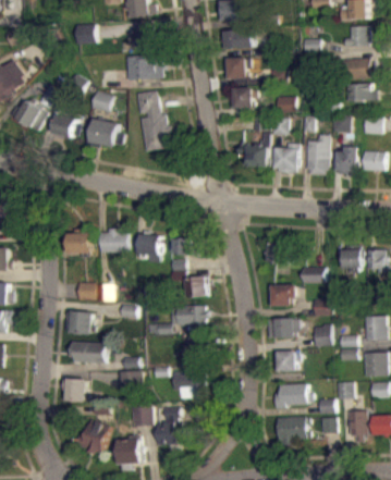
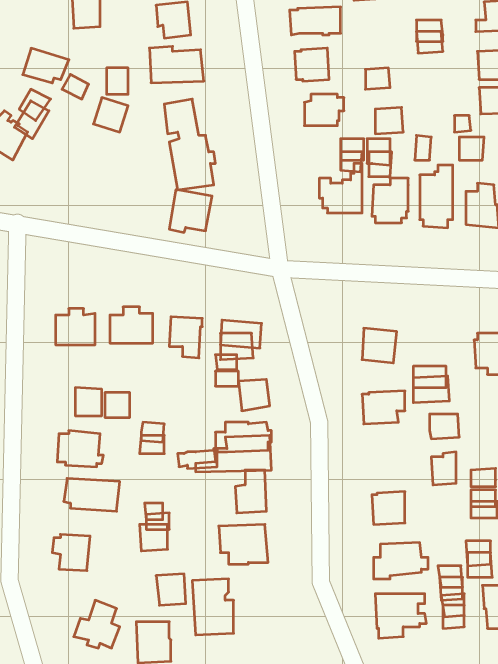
building: [52,114,83,137] -> [23,48,69,83]
building: [90,119,119,147] -> [169,190,212,232]
building: [267,317,298,336] -> none

